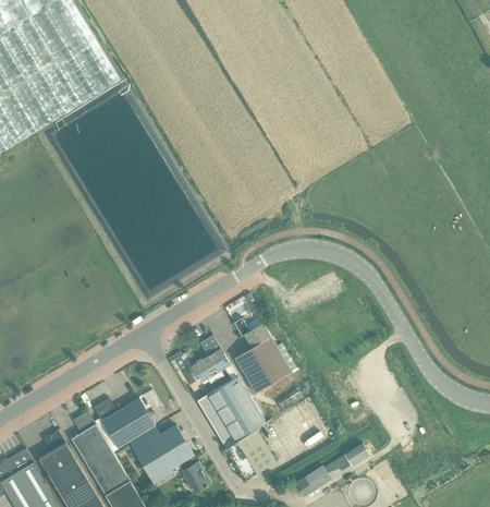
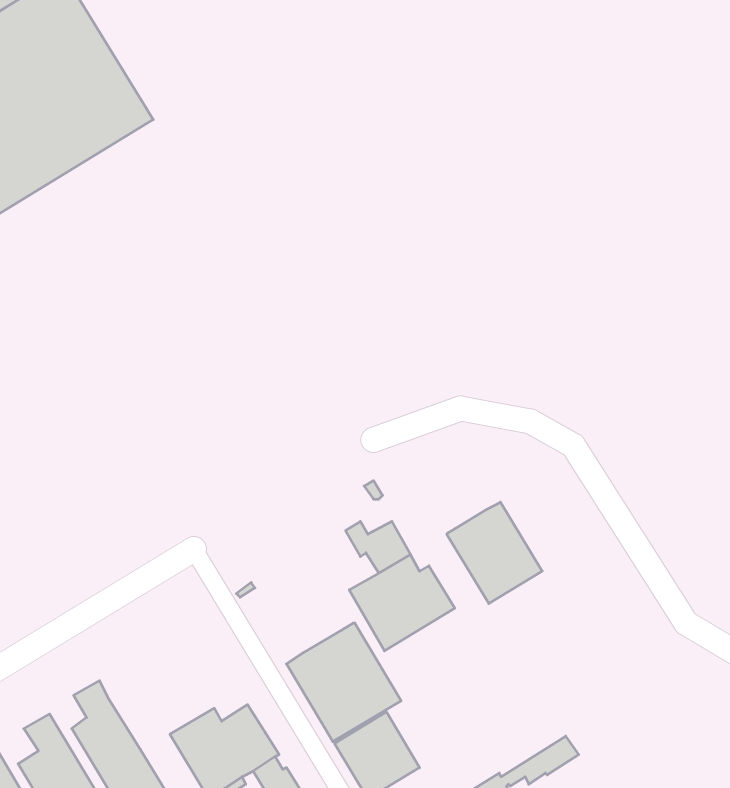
building: none -> [447,502,542,604]
building: [189,335,236,384] -> none
building: [93,395,155,450] -> none

